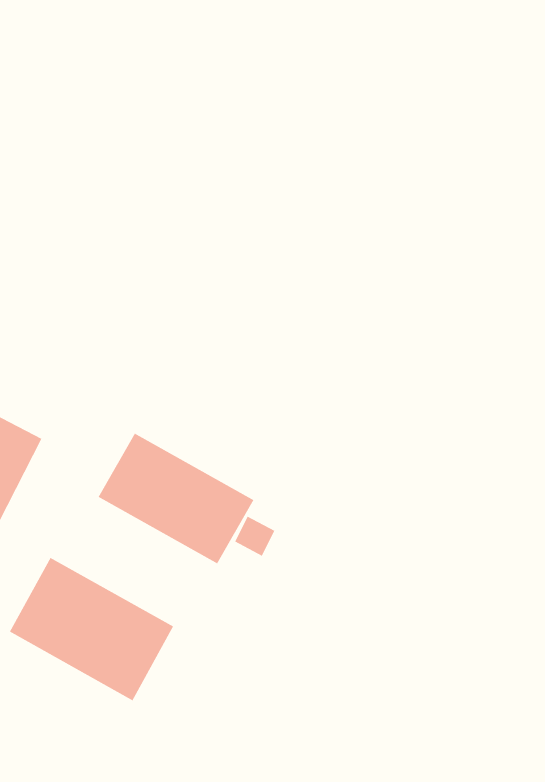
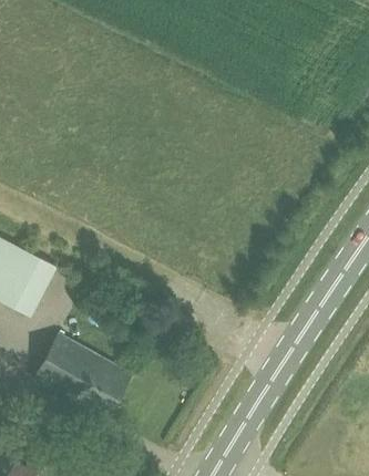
building: [97,433,254,564] -> none

